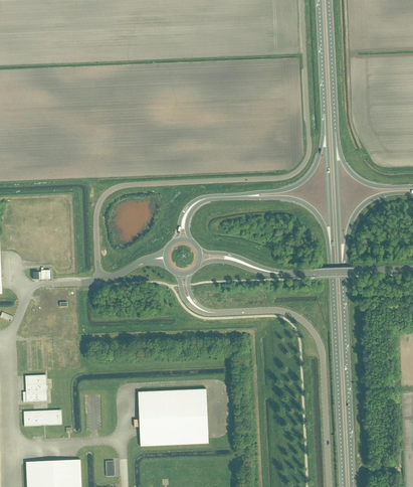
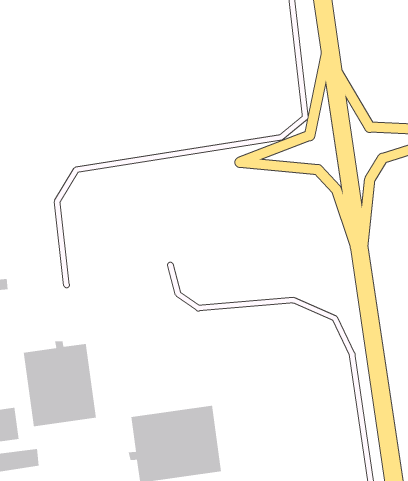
building: none -> [23,340,96,427]

